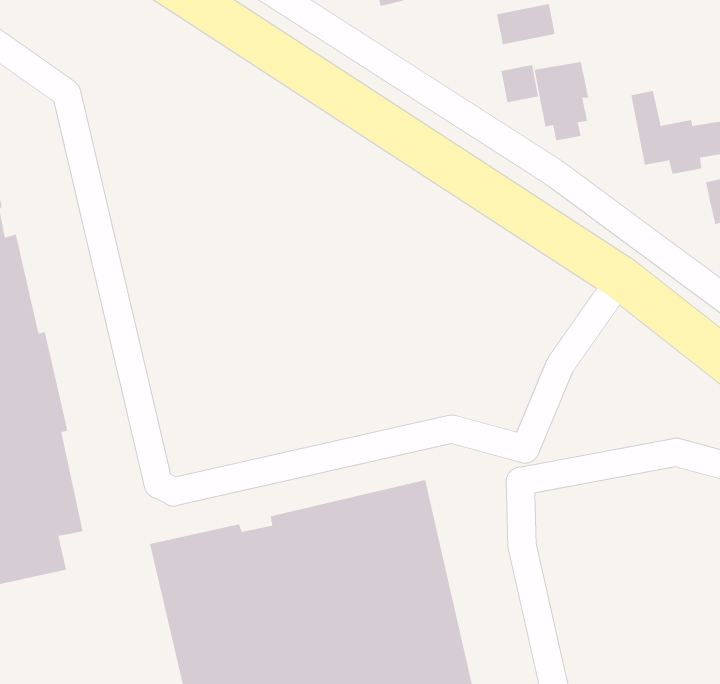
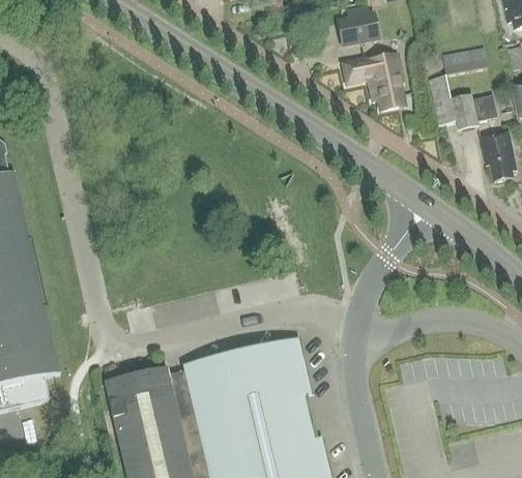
building: none -> [441,47,486,73]

